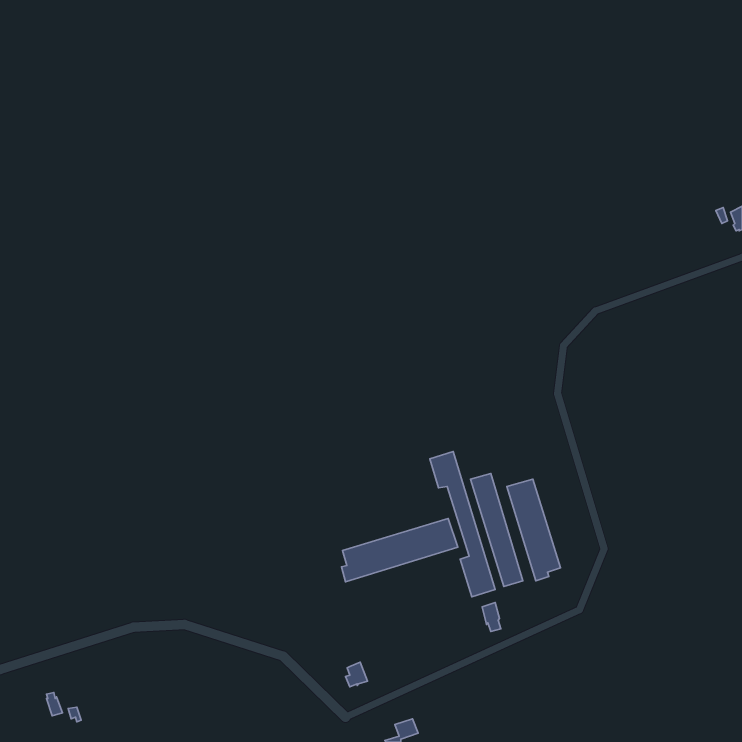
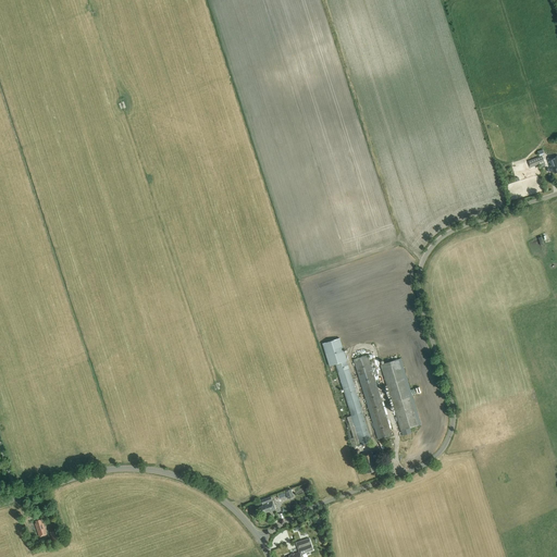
building: [341,518,458,582] -> none

